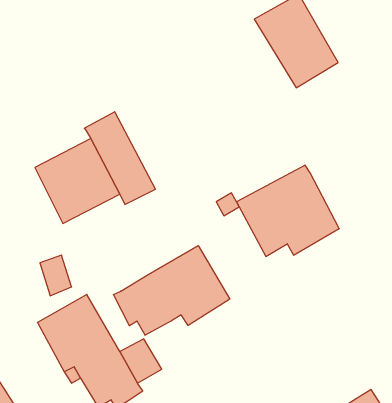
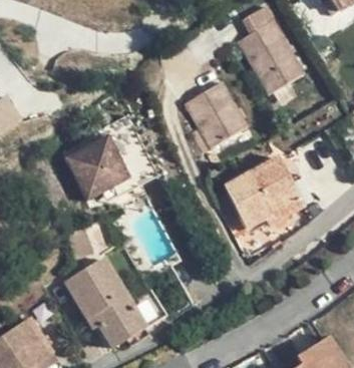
building: none -> [188,80,251,147]
building: [113,246,230,335] -> none

